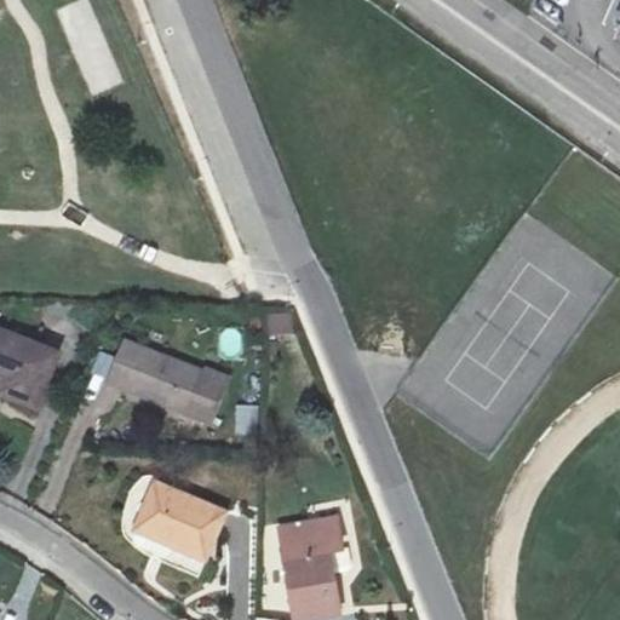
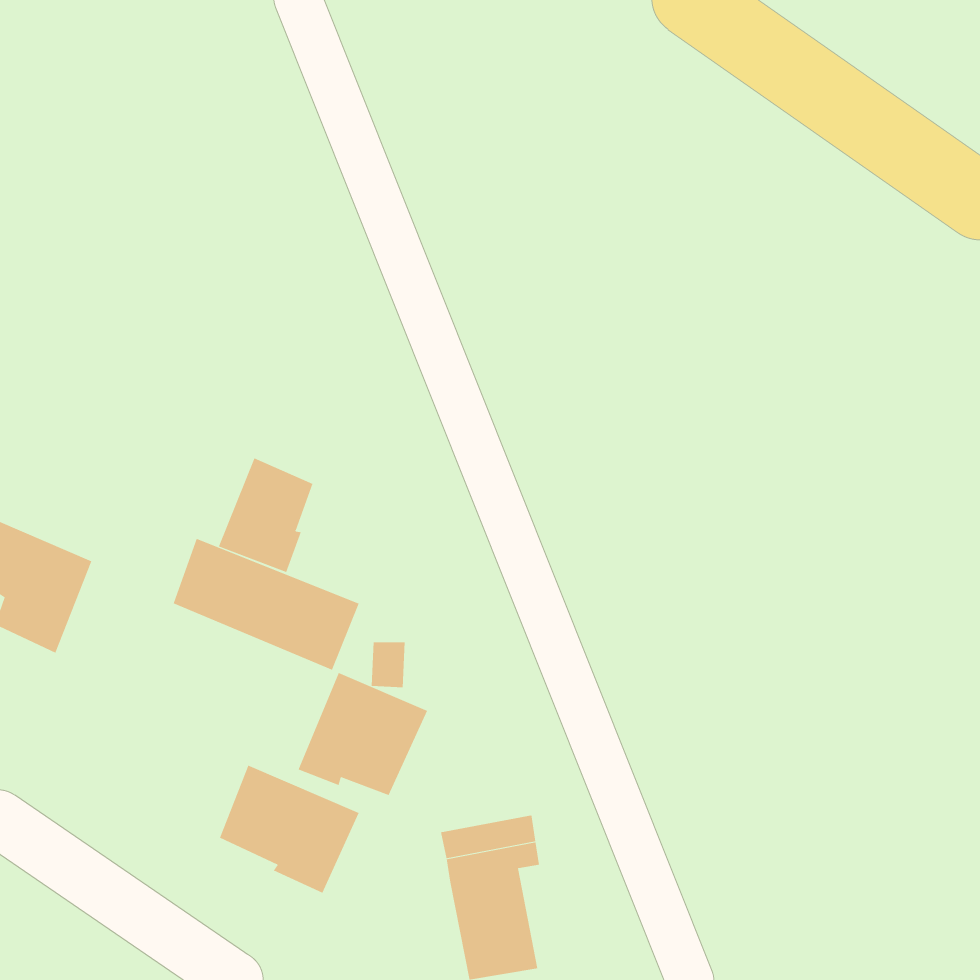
building: none -> [218,458,313,573]
building: none -> [298,672,428,796]

